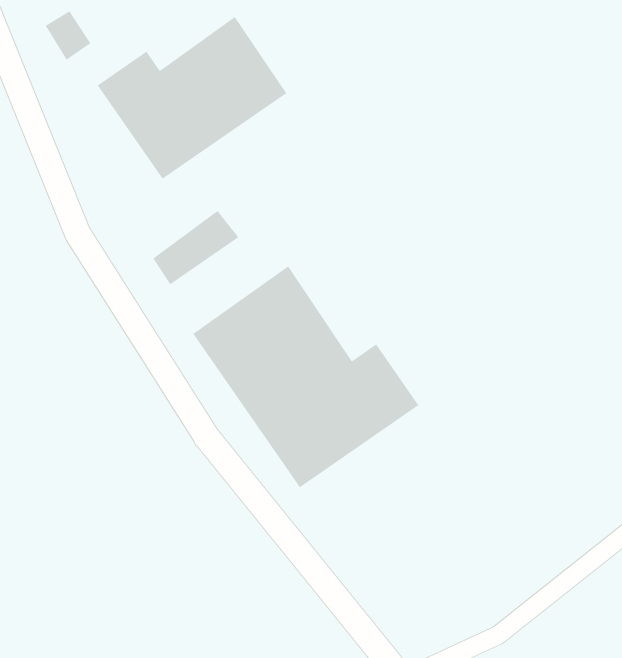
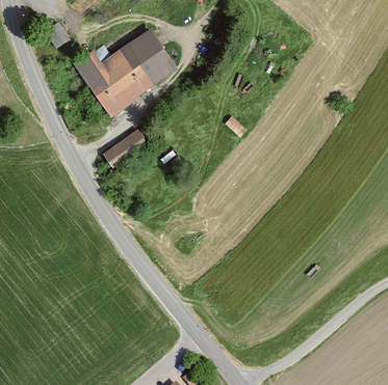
building: [192,265,419,488] -> none

